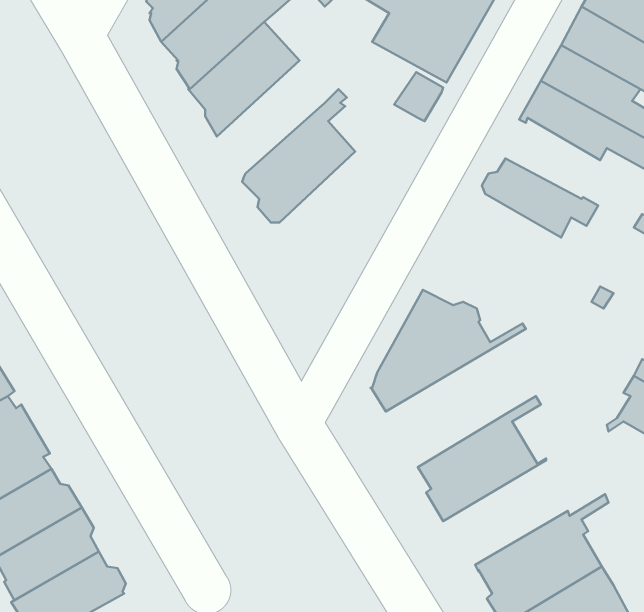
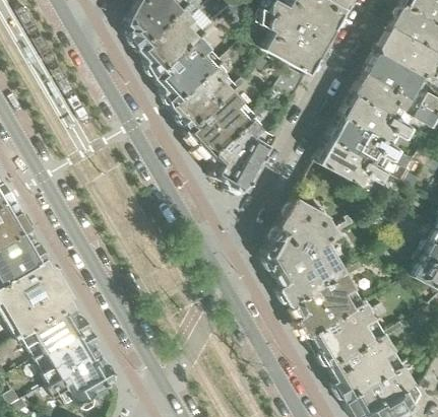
building: none -> [171,49,237,128]
building: none -> [342,94,413,143]
building: none -> [208,106,273,194]
building: none -> [315,140,388,188]
building: none -> [272,221,358,306]
building: none -> [310,300,389,365]

